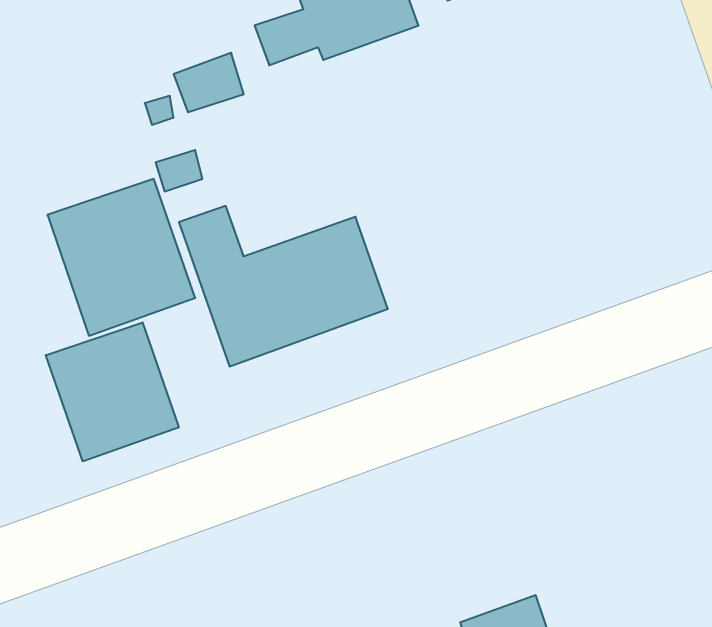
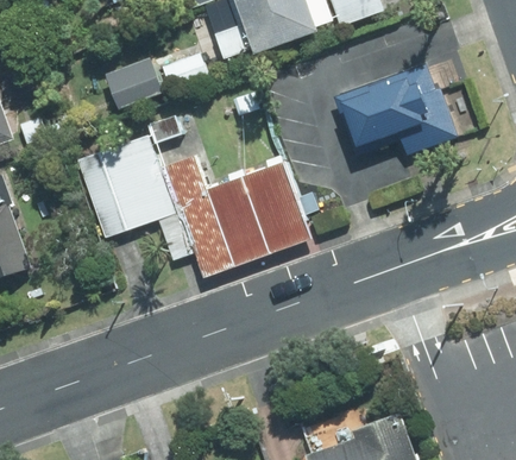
building: none -> [333,65,455,158]
building: [46,322,179,461] -> none

